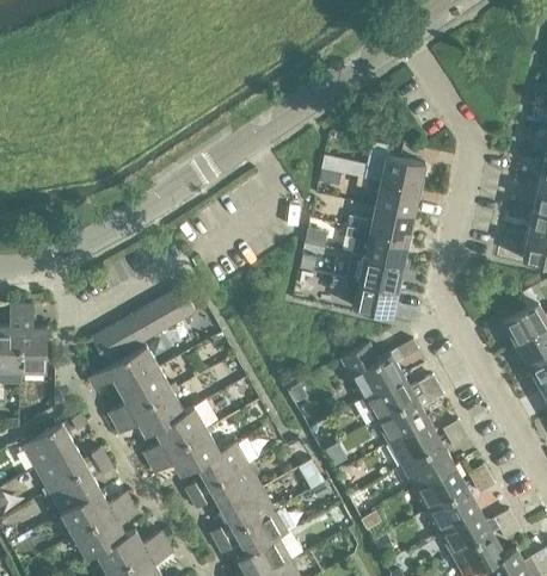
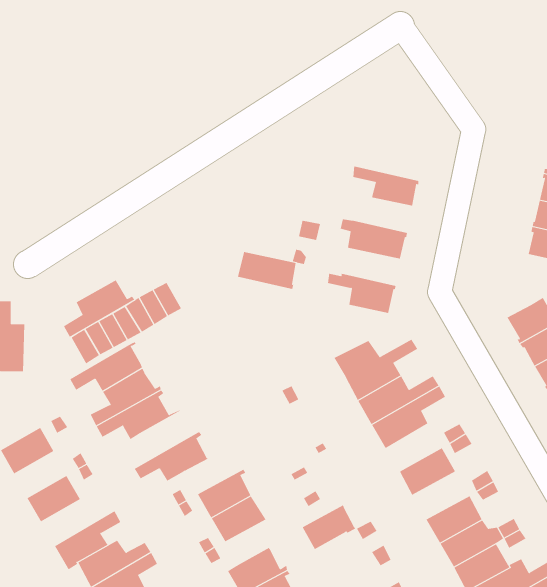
building: [321,143,425,192] -> none
building: [357,208,414,241] -> none
building: [346,255,402,291] -> [237,251,297,289]
building: [145,409,213,464] -> [63,279,135,338]
building: [388,421,442,466] -> none
building: [198,444,254,488] -> none
building: [37,447,87,491] -> none
building: [413,466,468,512] -> none
building: [62,493,133,537] -> none
building: [236,512,288,555] -> [302,504,356,550]

